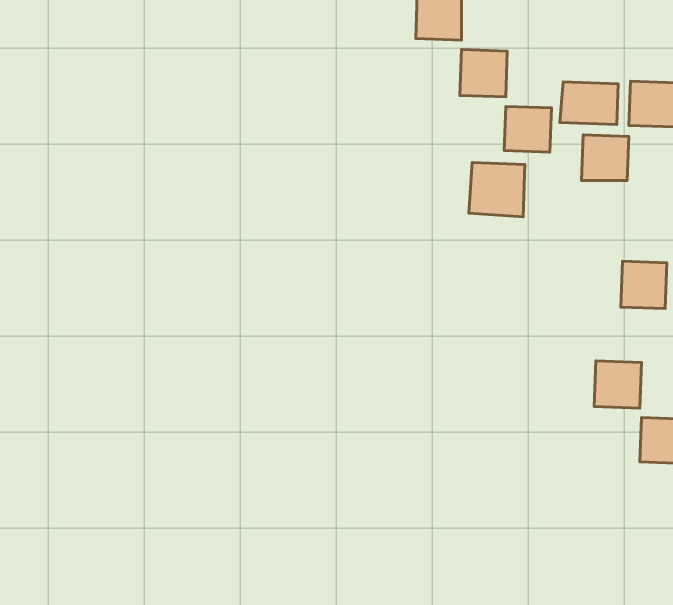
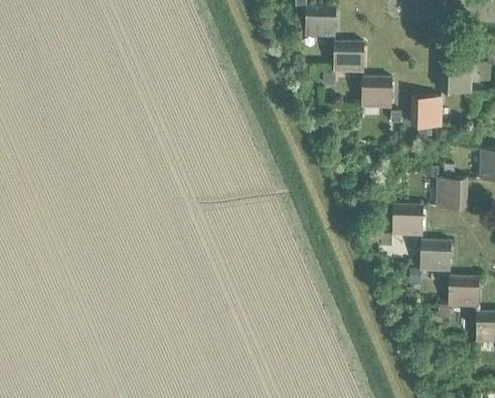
building: [560,82,618,124] -> none
building: [469,163,525,217] -> none
building: none -> [380,205,423,244]

